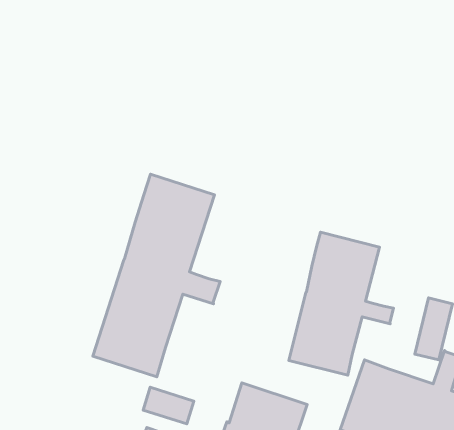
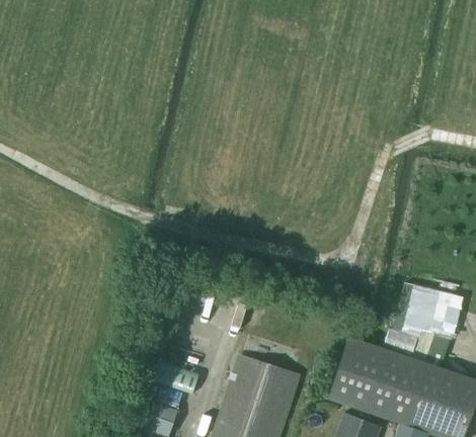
building: [93,174,220,377] -> none
building: [289,232,394,375] -> none

